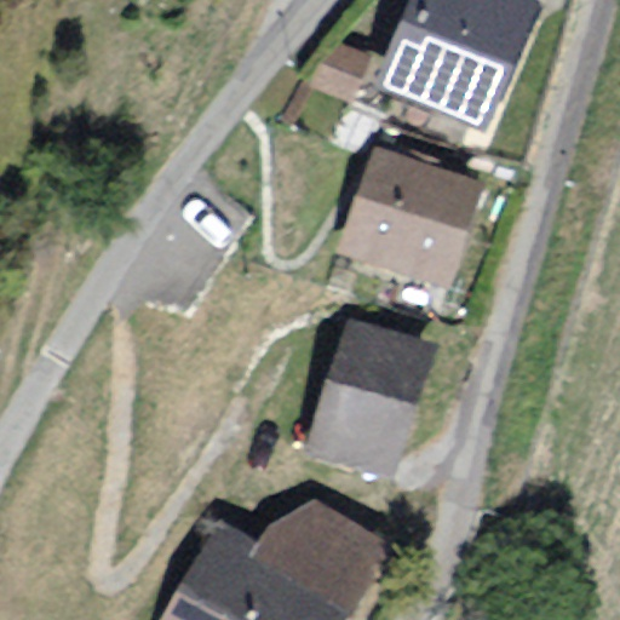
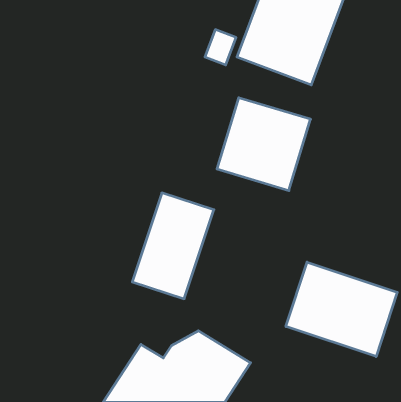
building: [308,322,431,482] -> [132,193,214,299]
building: none -> [286,262,397,357]

